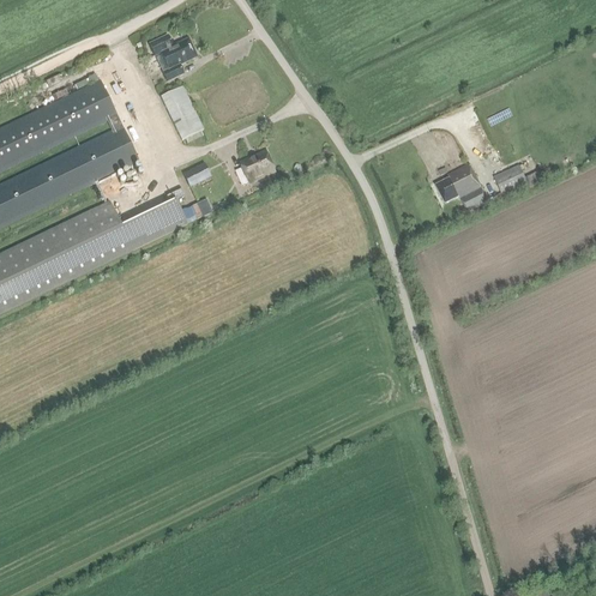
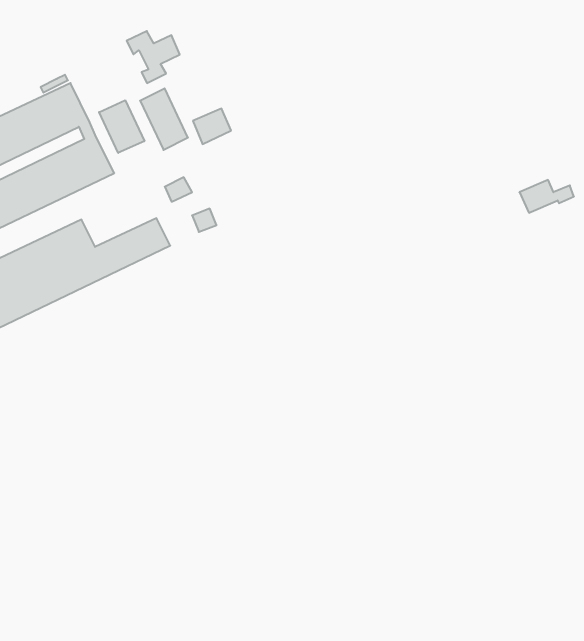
building: none -> [99,100,144,153]
building: [241,151,275,182] -> [193,109,231,144]
building: [435,163,488,211] -> none

